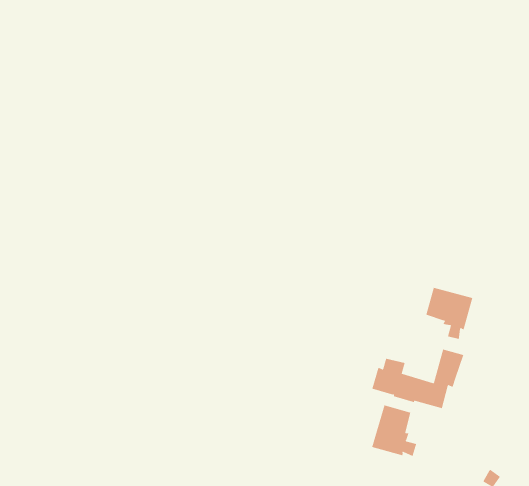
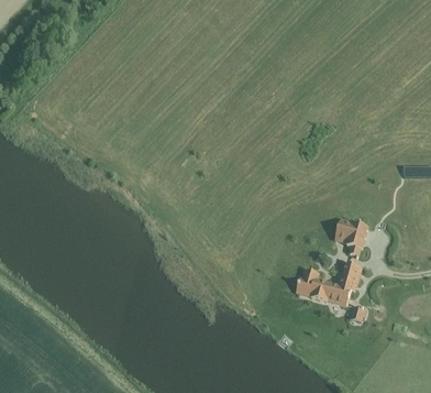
building: [372,405,417,457] -> none

